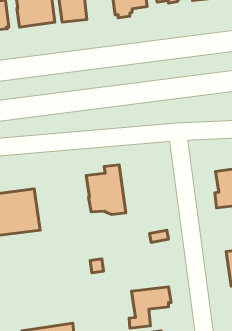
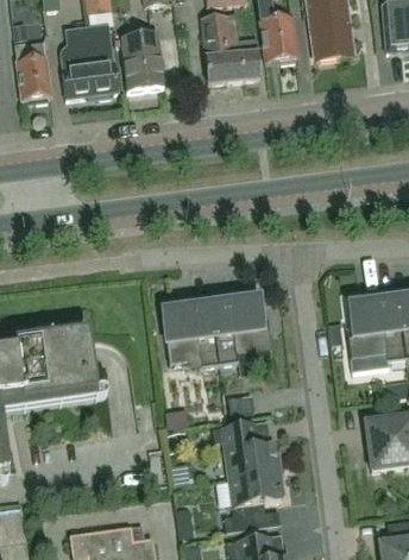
building: none -> [209,292,271,364]
building: none -> [212,421,281,477]

